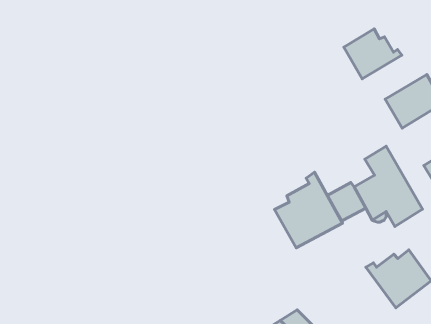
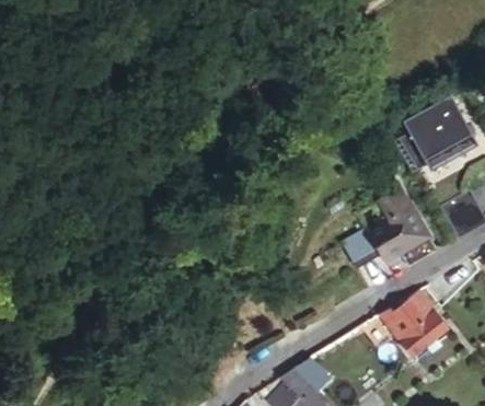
building: [344,29,402,79] -> none
building: [275,172,343,248] -> none

